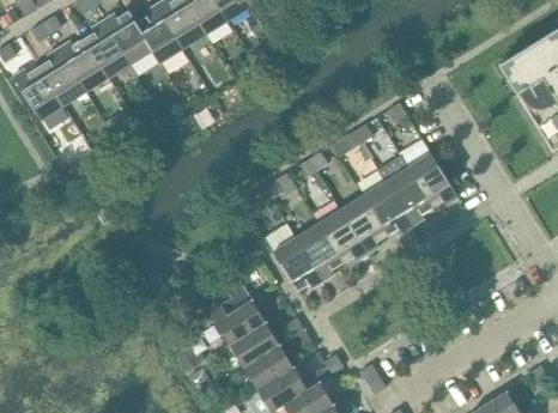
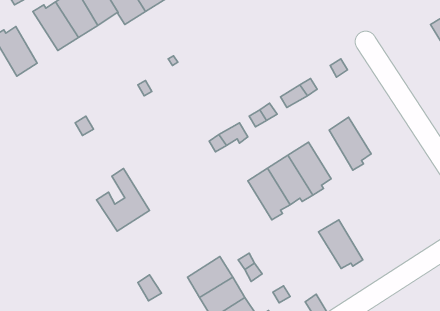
building: [38,49,85,107] -> none
building: [407,153,456,207] -> none
building: [363,181,412,235] -> [318,220,363,268]
building: [272,237,322,291] -> none
building: [206,274,265,344] -> [97,169,150,231]

